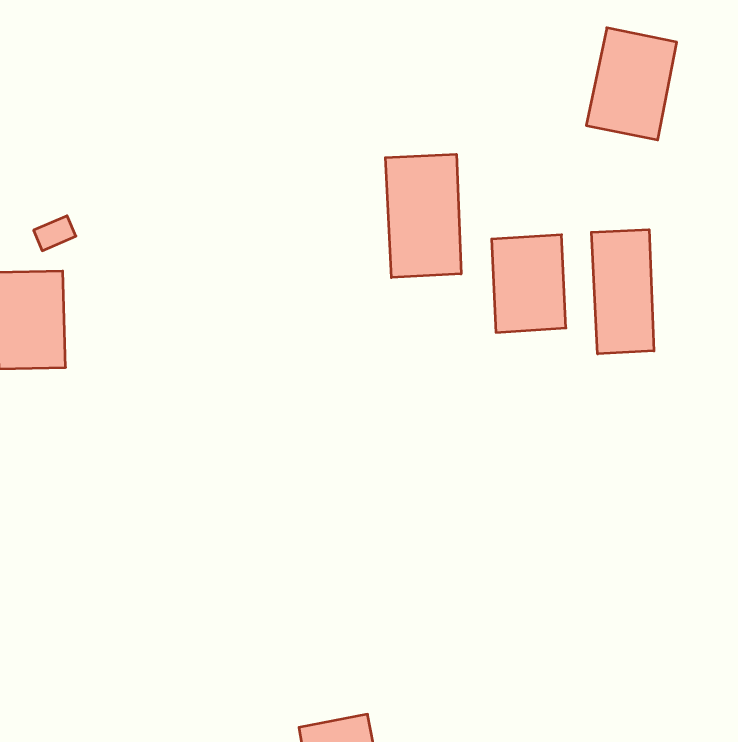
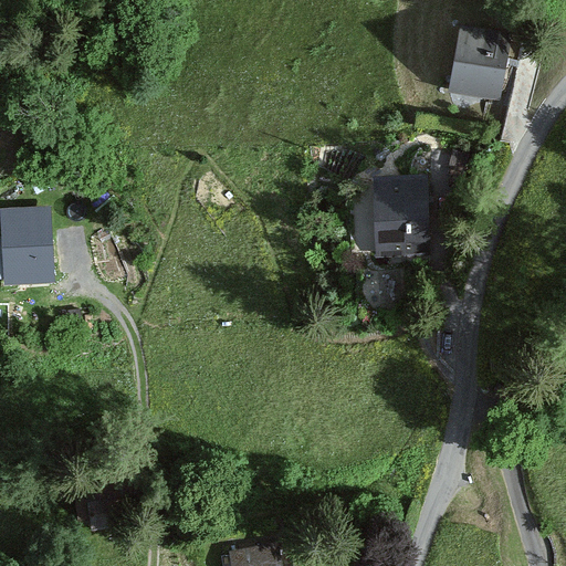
building: [385,154,461,278] -> none
building: [591,230,654,354] -> none

